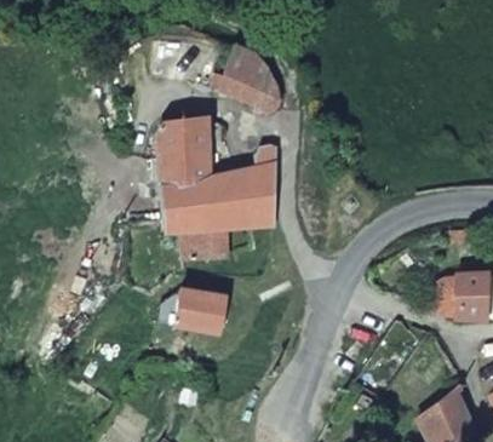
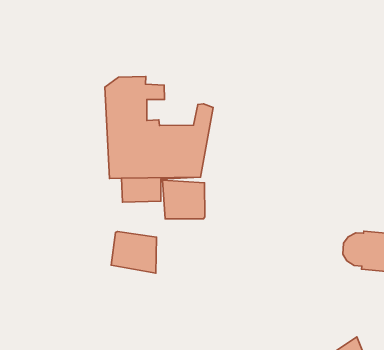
building: [210,47,287,109] -> none
building: none -> [162,180,205,219]

